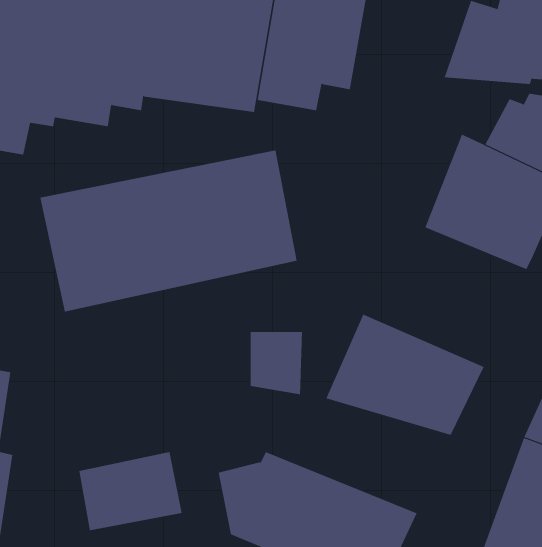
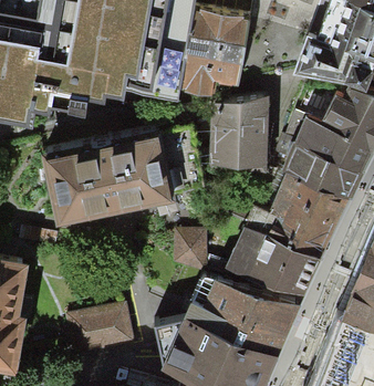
building: none -> [209,94,268,169]
building: none -> [227,170,347,258]
building: none -> [184,275,300,350]

